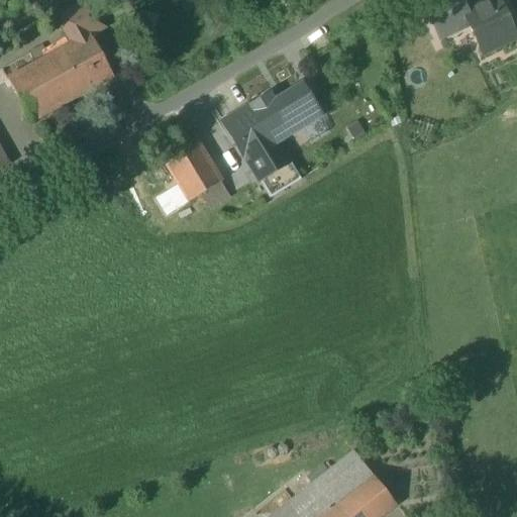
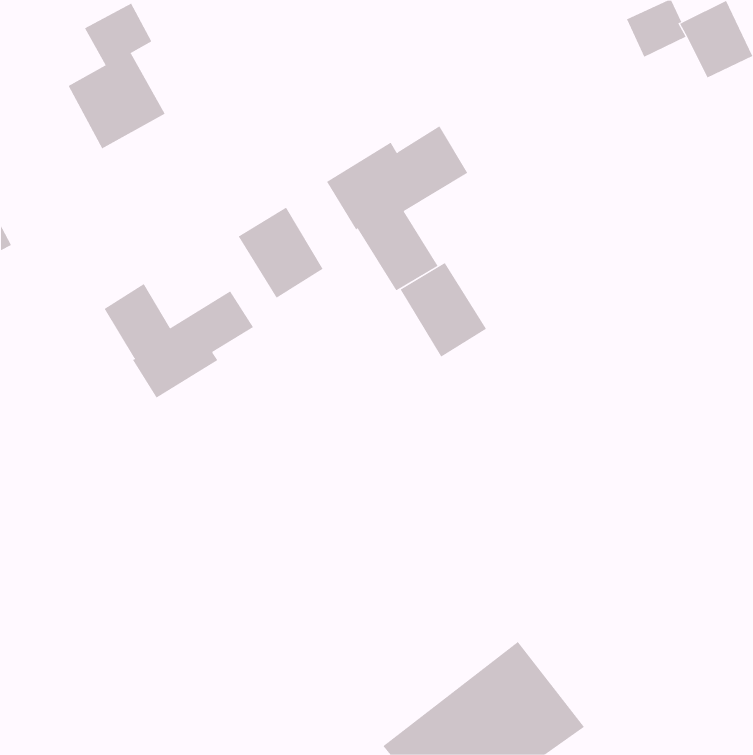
building: [8,59,71,123] -> none
building: none -> [400,262,487,357]
building: none -> [104,283,254,398]

